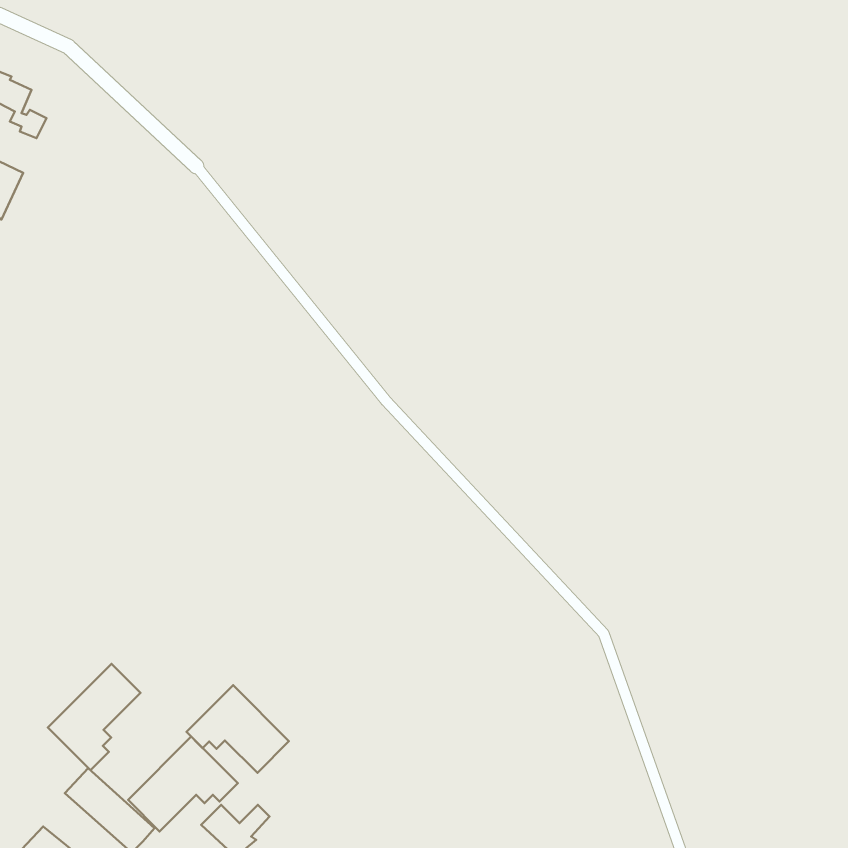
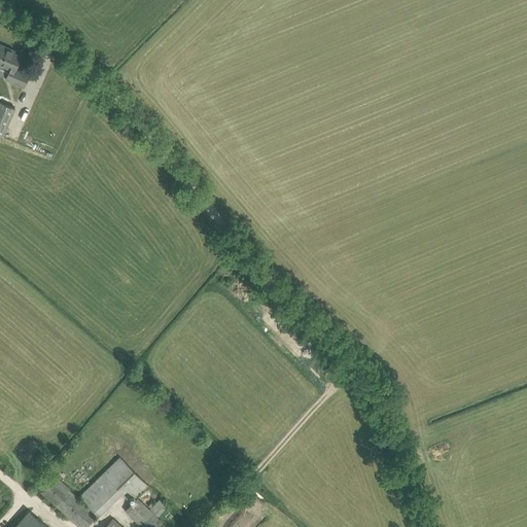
building: [48,664,140,770] -> none
building: [186,685,289,773] -> none

